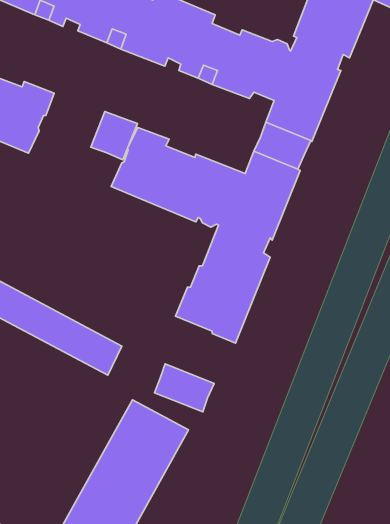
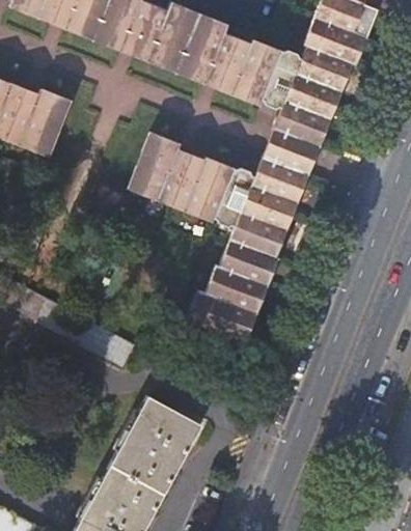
building: [91,111,137,160] -> none
building: [155,364,214,412] -> none

